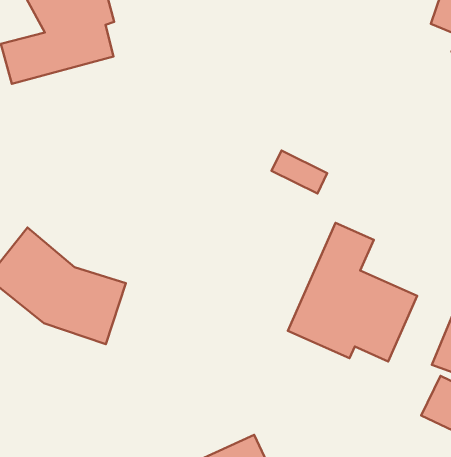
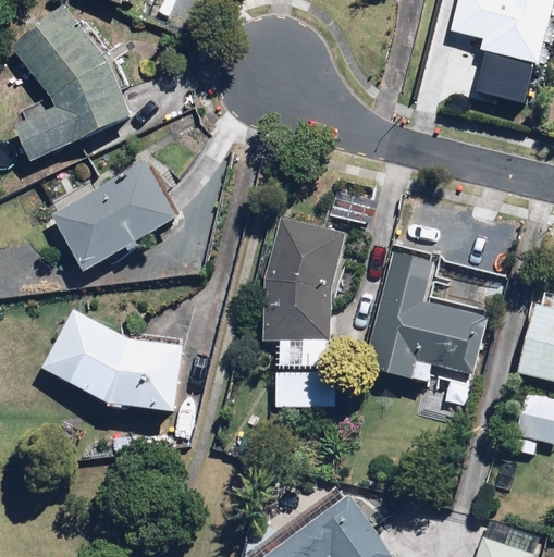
building: none -> [52,160,181,275]
building: none -> [261,214,346,405]

